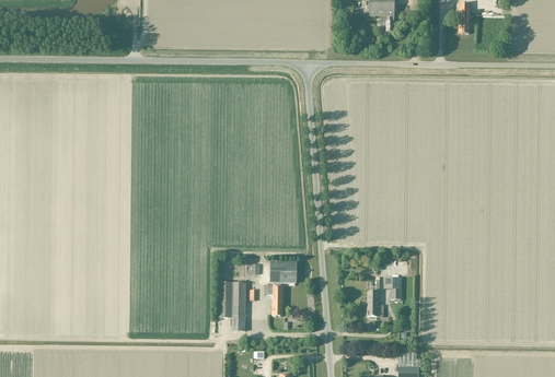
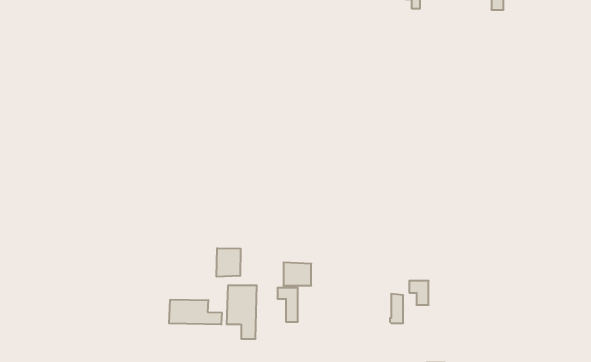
building: none -> [217,248,241,277]
building: none -> [169,300,222,325]

